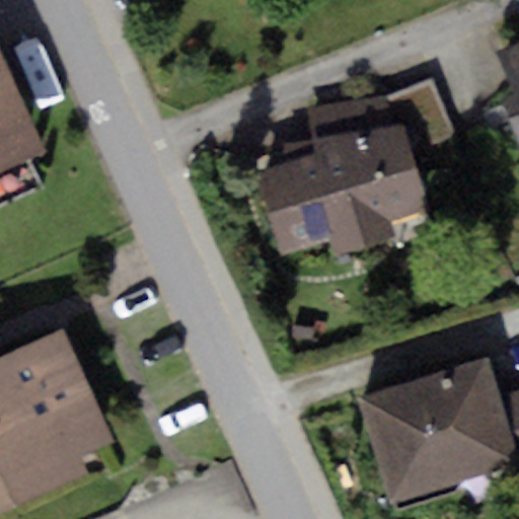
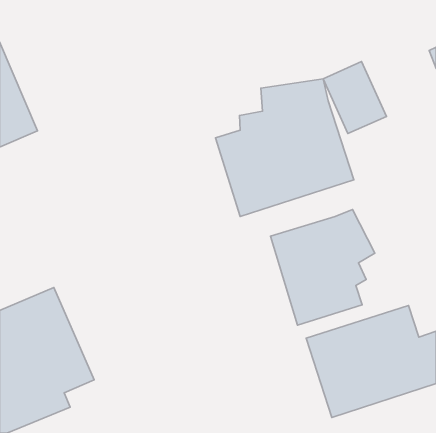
building: none -> [270,210,375,325]

